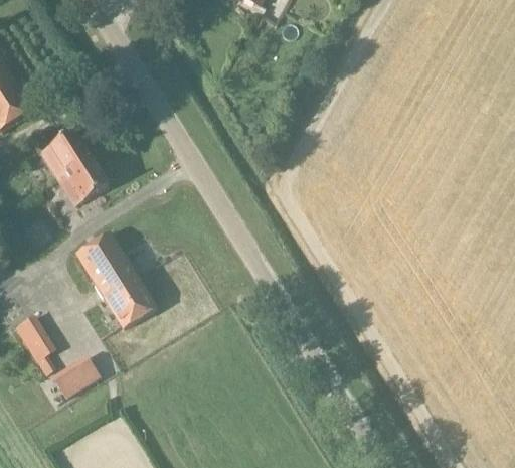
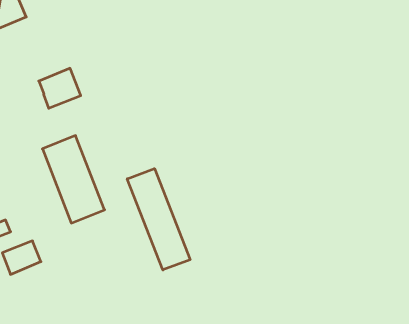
building: [41,130,91,177] -> none
building: none -> [127,169,190,270]

